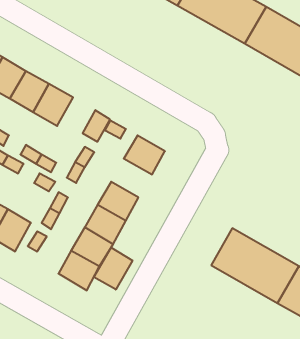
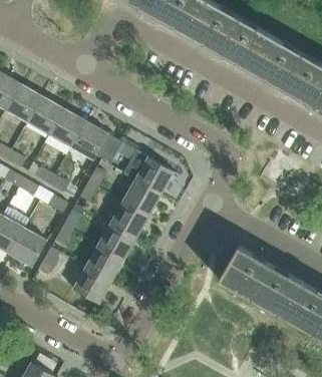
building: none -> [71,121,107,160]
building: none -> [122,179,162,217]
building: [94,248,132,290] -> none

